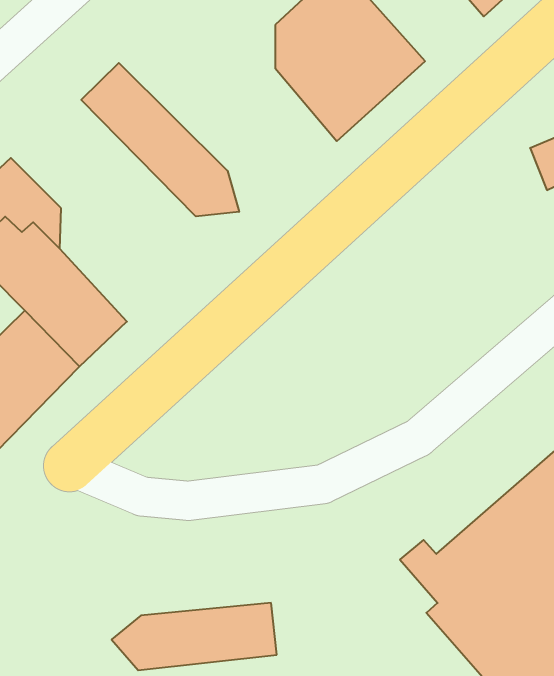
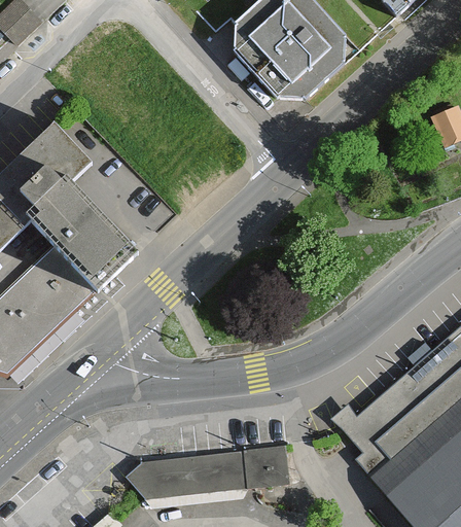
building: [81,63,239,216] -> none
building: none -> [242,447,291,490]

